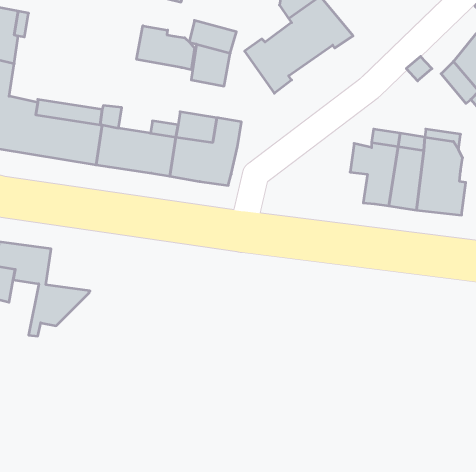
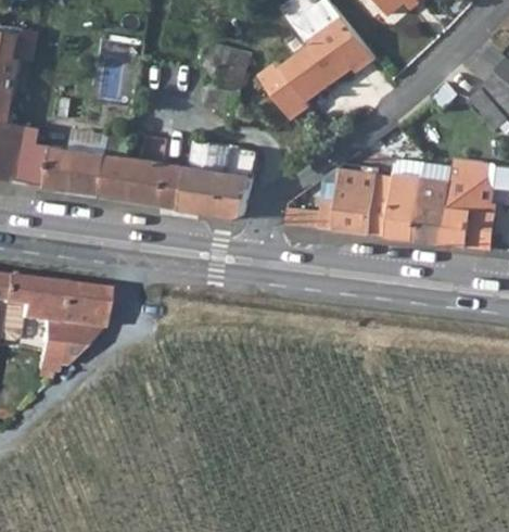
building: [137,26,195,70] -> none
building: none -> [318,169,391,237]
building: none -> [50,286,102,330]

